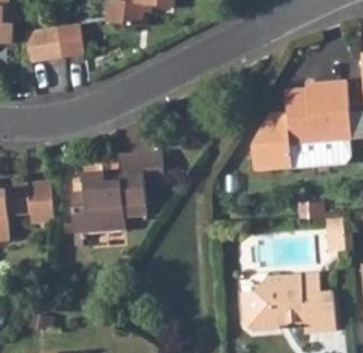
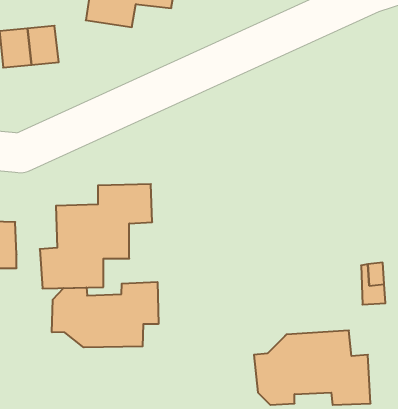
building: [252,80,351,165] -> none
building: none -> [52,282,158,347]

